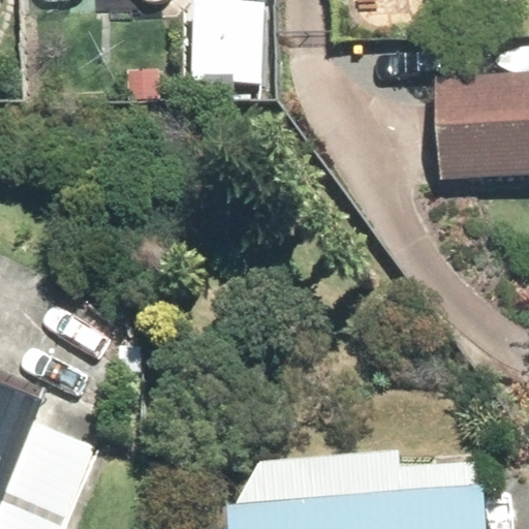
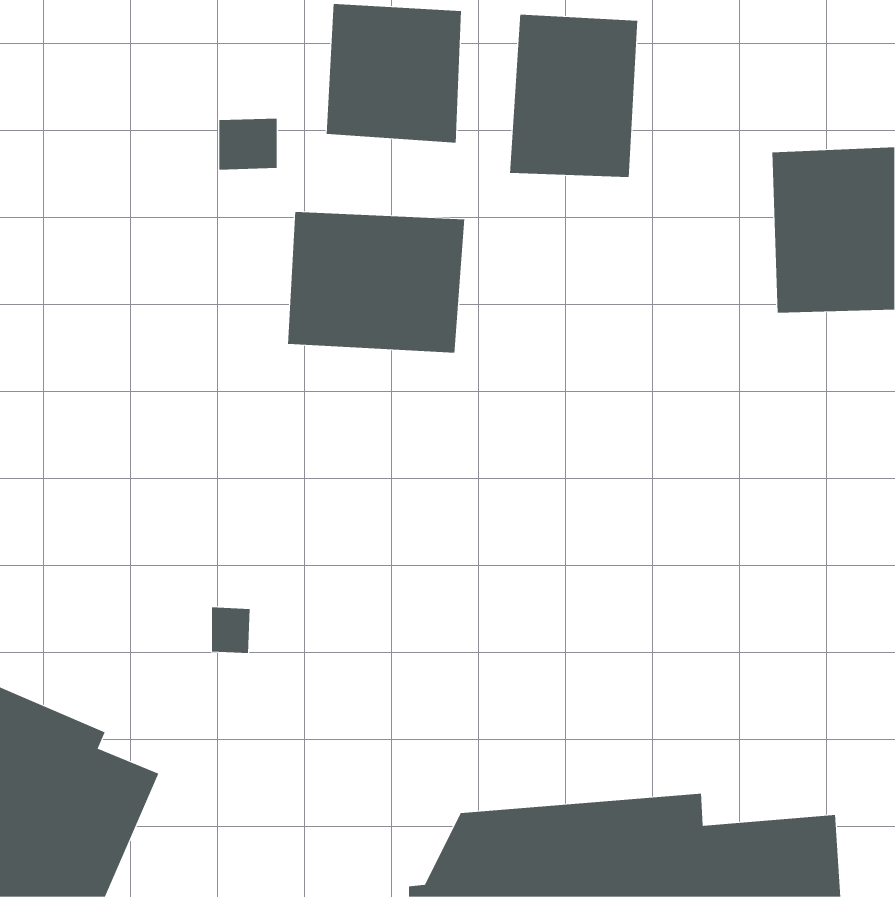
building: none -> [509,14,638,178]
building: none -> [287,211,465,354]

